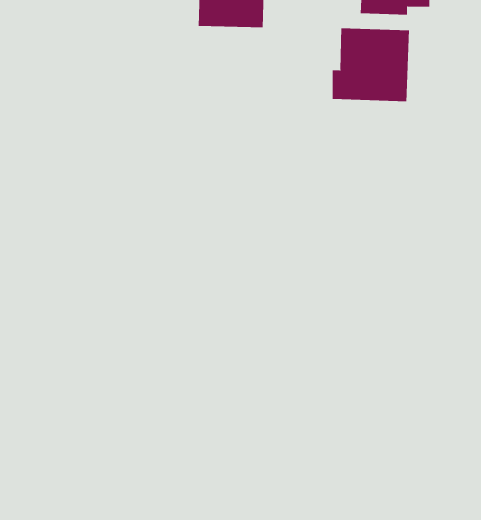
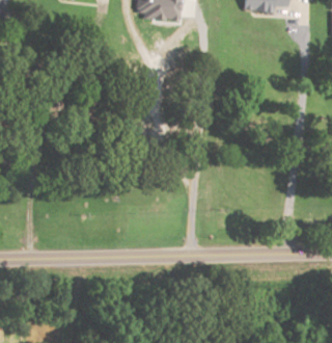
building: [332,28,410,102] -> none

